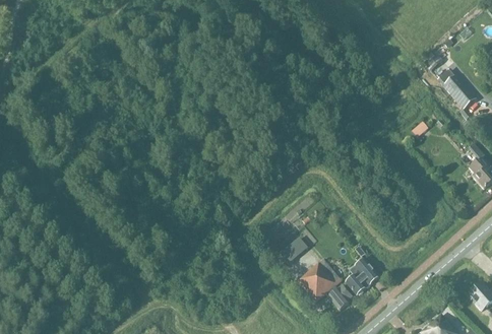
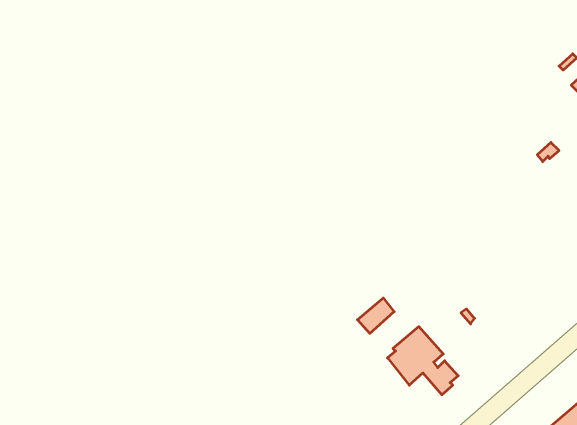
building: [346,260,378,295] -> none

